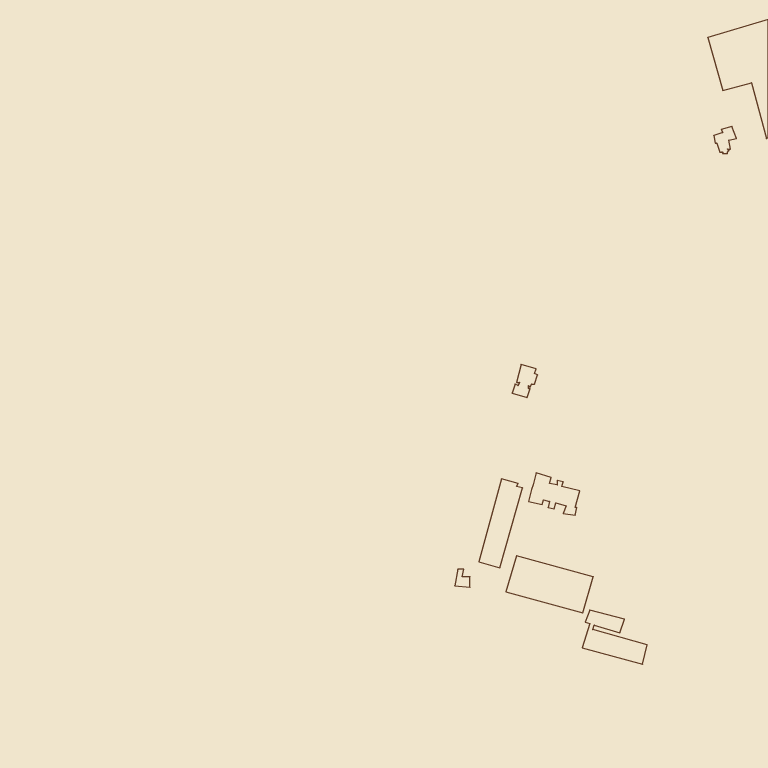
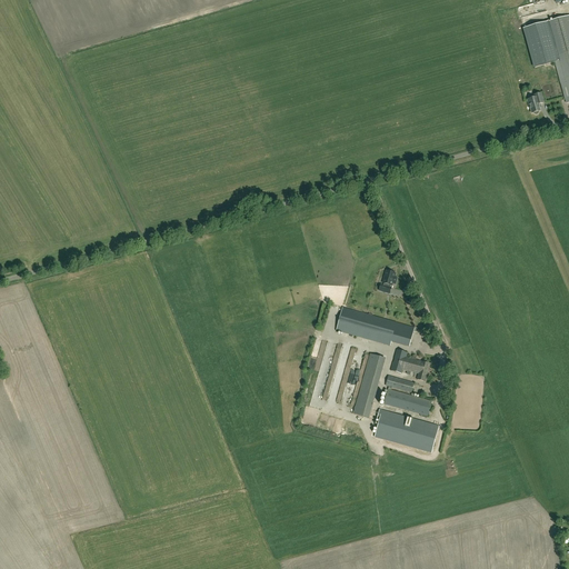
building: none -> [336,307,413,346]
building: [582,610,647,664] -> [382,376,430,416]

